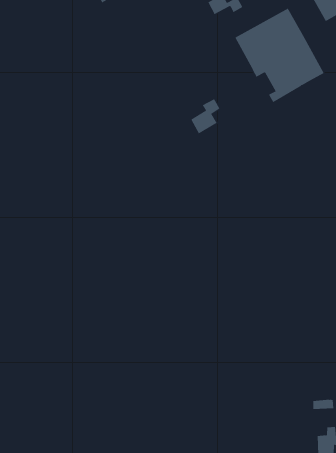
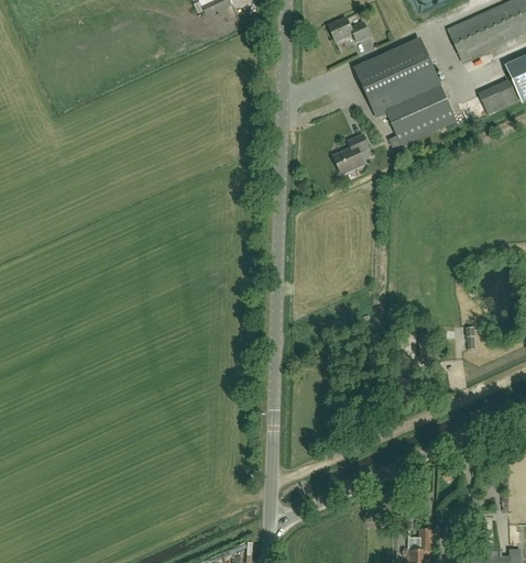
building: [191,98,220,134] -> [333,133,369,173]

